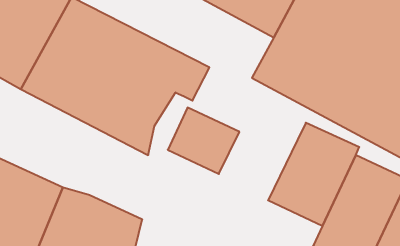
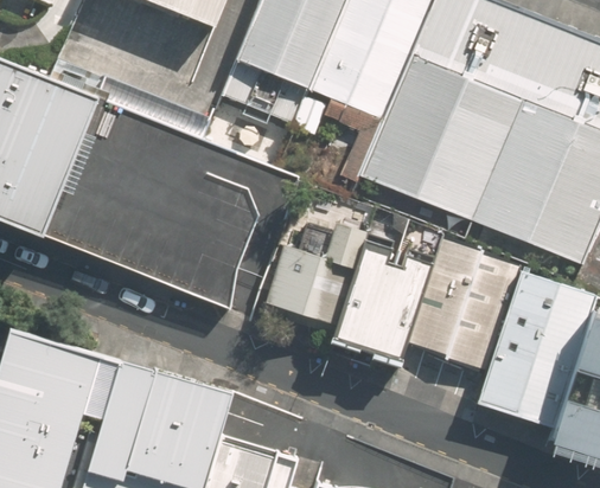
building: none -> [331,236,435,366]

